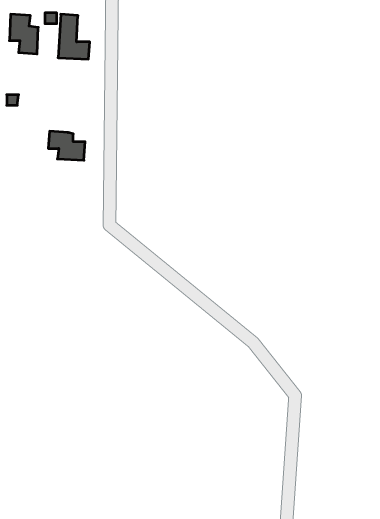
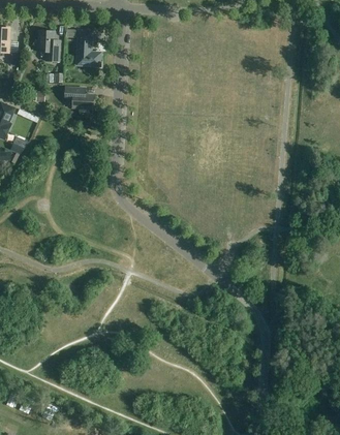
building: [48,131,85,160] -> [65,86,94,108]

